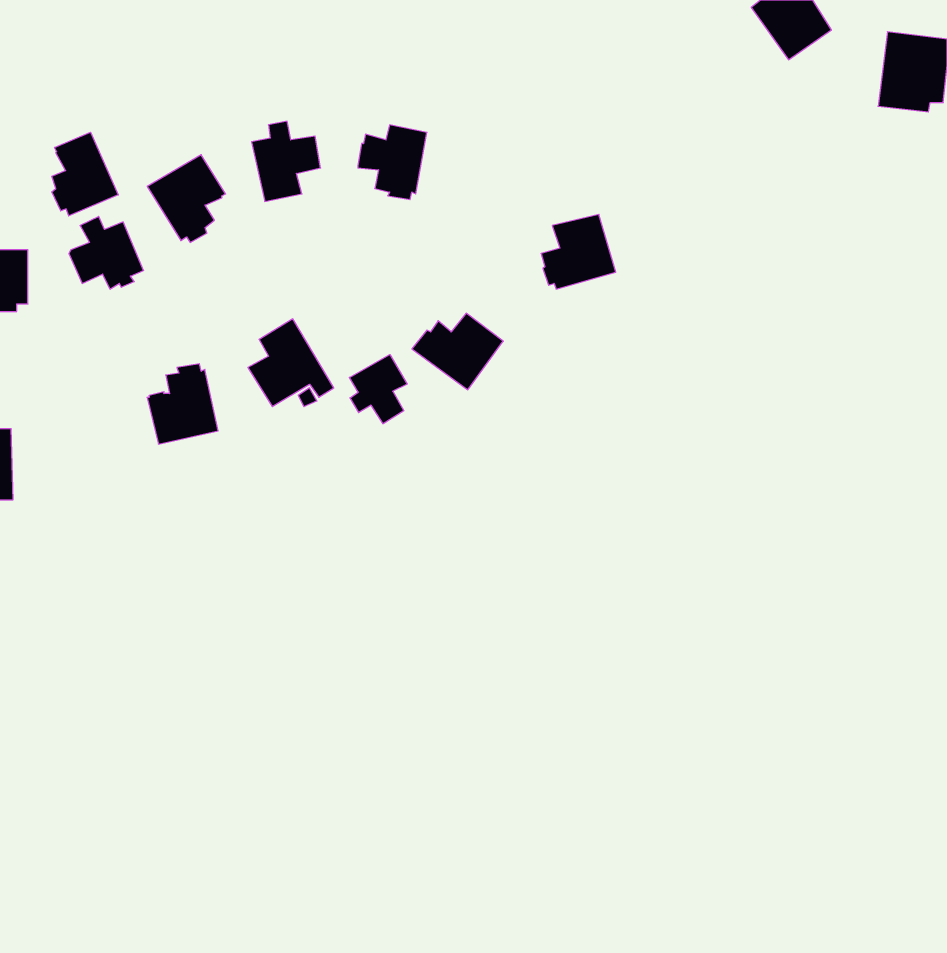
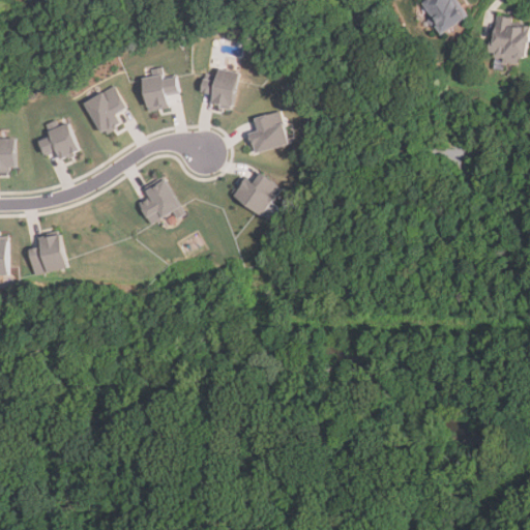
building: [52,132,118,216] -> none
building: [541,214,616,289] -> [246,112,288,153]
building: [349,355,407,424] -> none
building: [147,364,218,444] -> [28,232,67,276]

